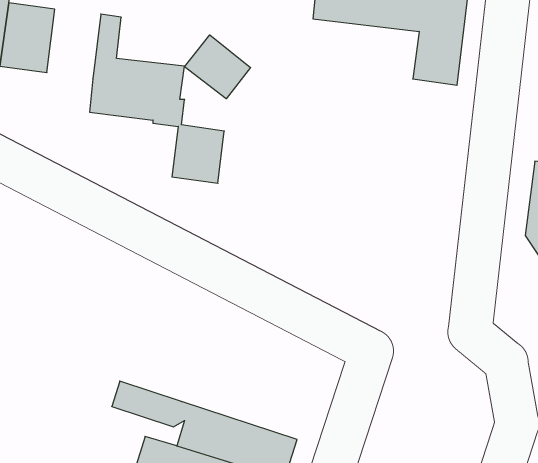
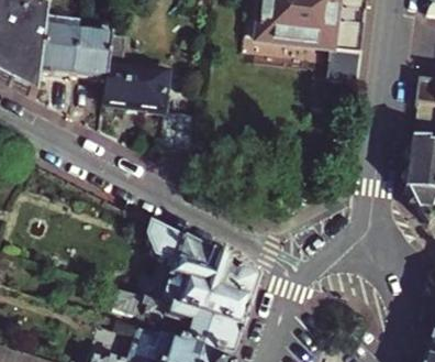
building: none -> [74,30,111,78]
building: [185,35,251,99] -> none
building: none -> [149,221,264,329]

